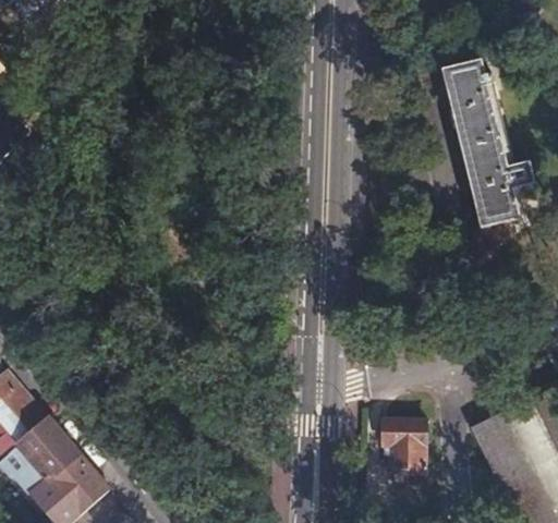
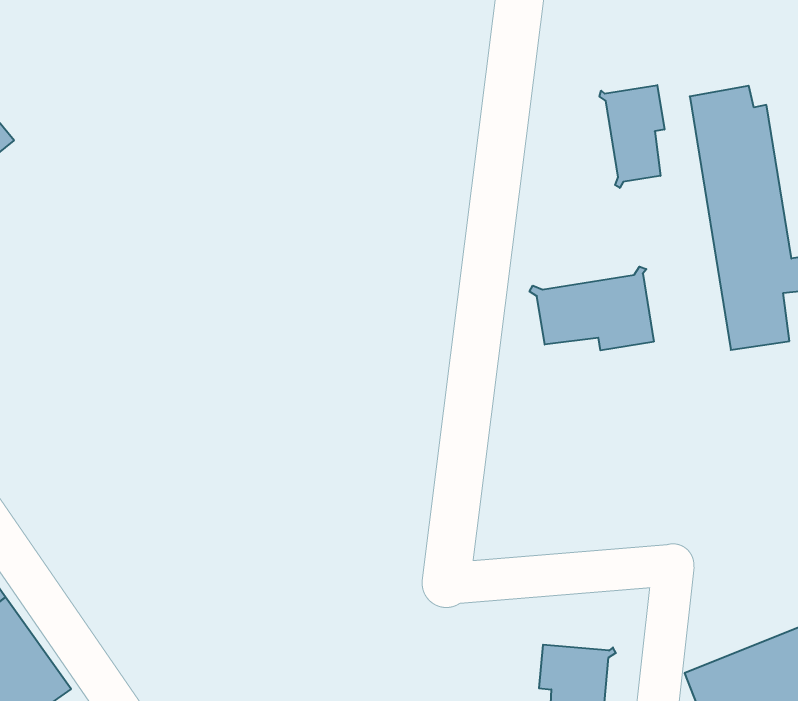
building: none -> [599,85,664,188]
building: none -> [530,267,654,350]

